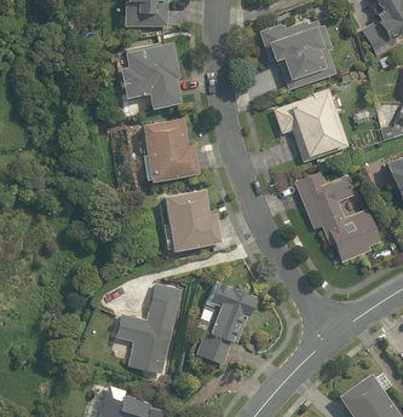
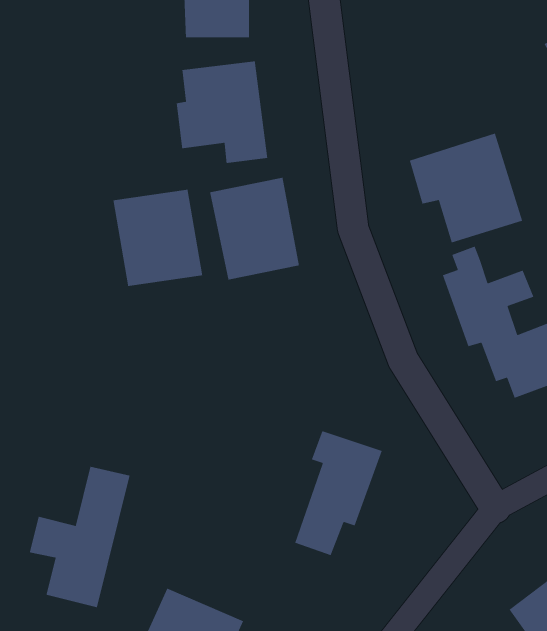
building: [258,8,332,86] -> none
building: [163,190,223,254] -> [113,189,203,287]
building: [115,282,182,375] -> [29,466,131,608]

